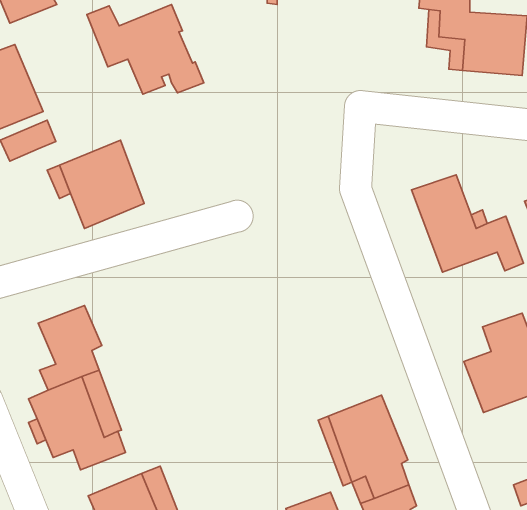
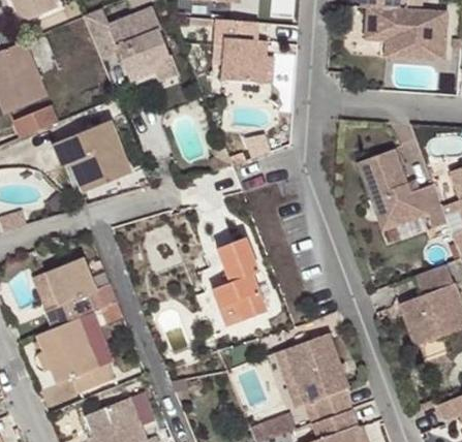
building: none -> [217,22,269,86]
building: none -> [211,238,267,326]

